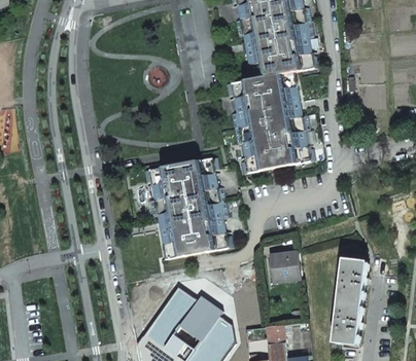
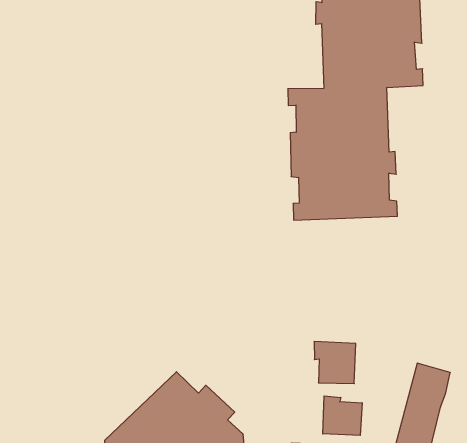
building: [143,157,232,259] -> none
building: none -> [323,396,362,435]

